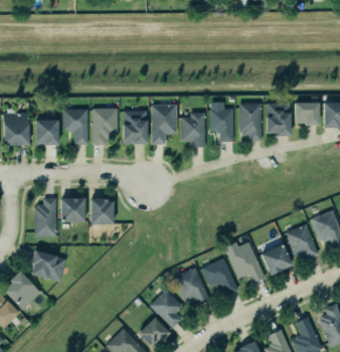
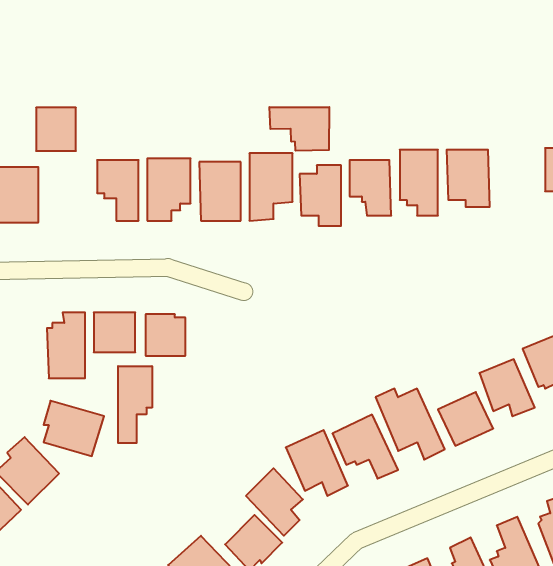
building: none -> [269,107,329,151]
building: [295,103,319,126] -> none
building: [35,121,58,146] -> [36,108,76,151]
building: none -> [118,366,152,443]

